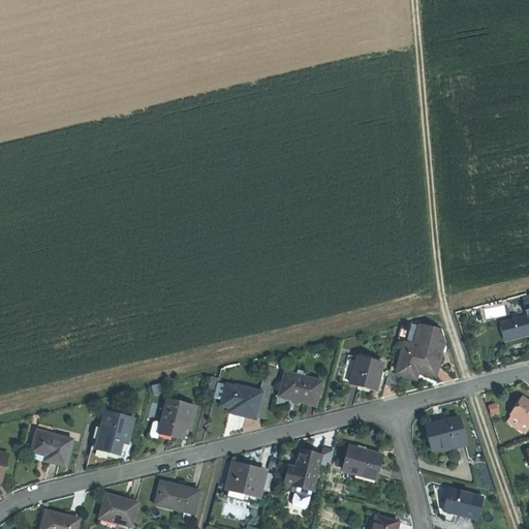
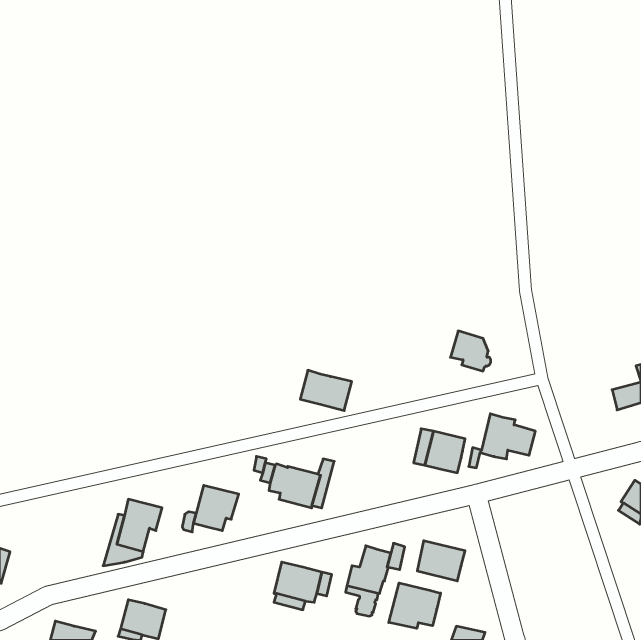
building: [413,321,446,354] -> [450,331,491,371]
building: [279,370,321,403] -> [300,370,352,411]
building: [425,415,466,449] -> none
building: [31,429,72,465] -> none
building: none -> [389,583,441,628]
building: [155,479,199,511] -> none
building: [432,483,483,522] -> none

